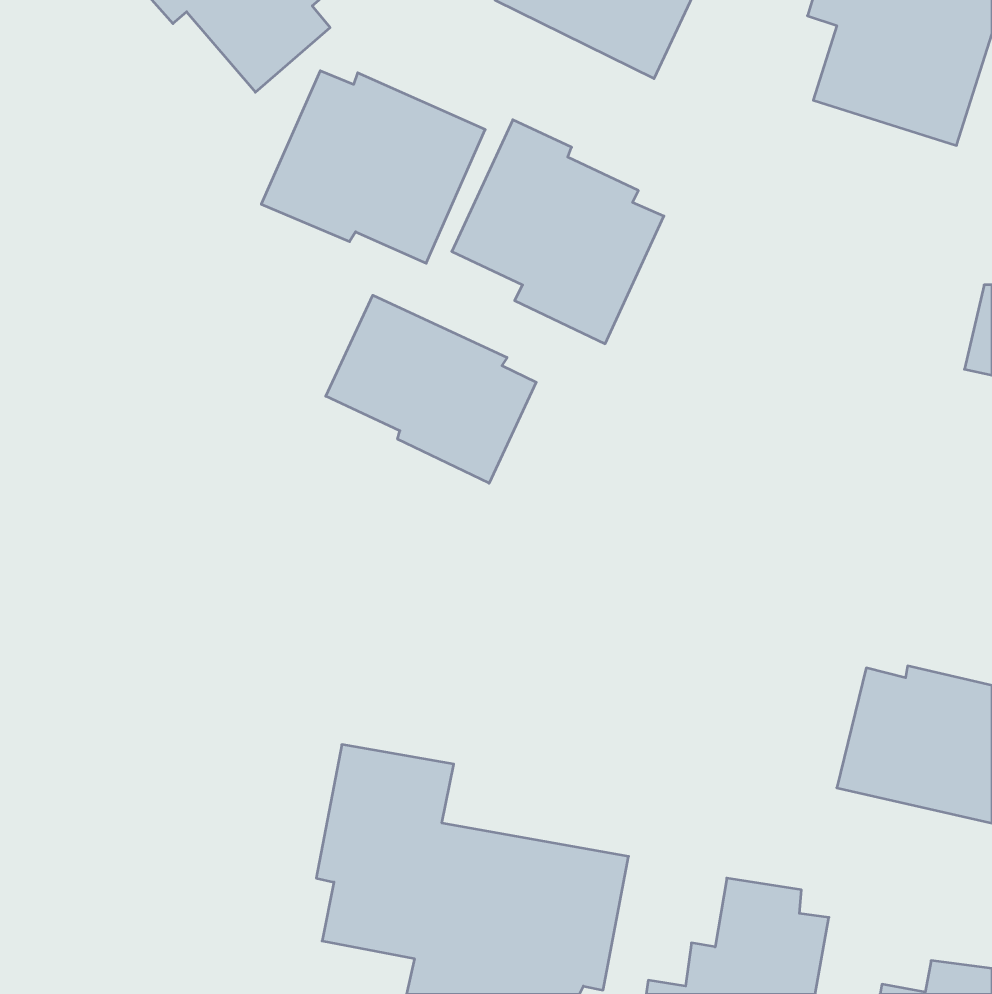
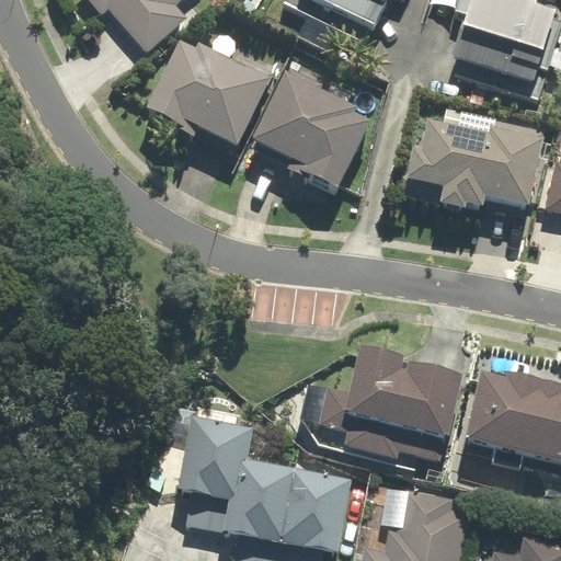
building: none -> [408,115,545,209]
building: [326,295,536,483] -> none
building: none -> [316,347,463,461]

